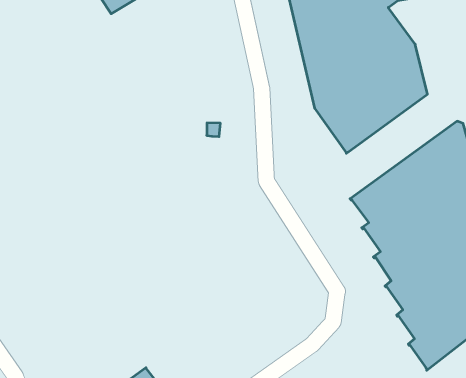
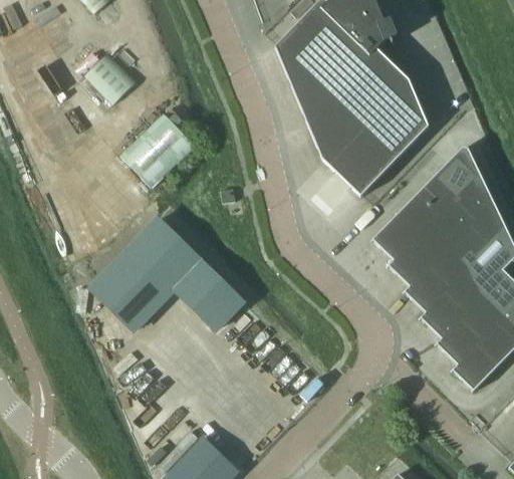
building: none -> [119,105,195,187]
building: none -> [90,218,242,330]

